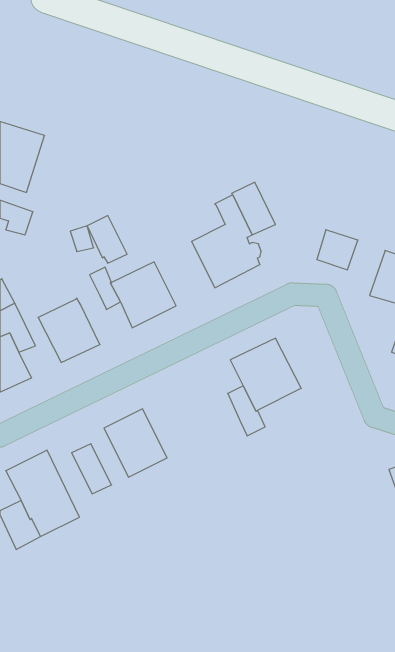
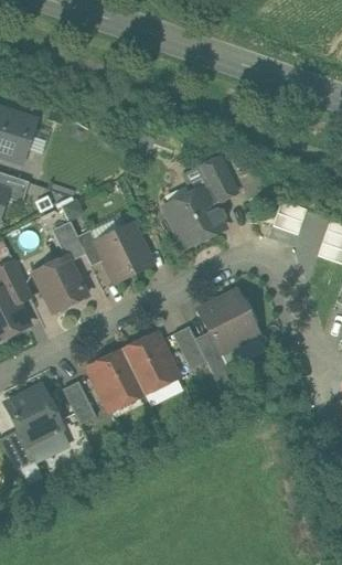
building: [87,216,127,263] -> [53,221,87,262]
building: none -> [174,326,207,370]
building: none -> [124,334,177,393]

